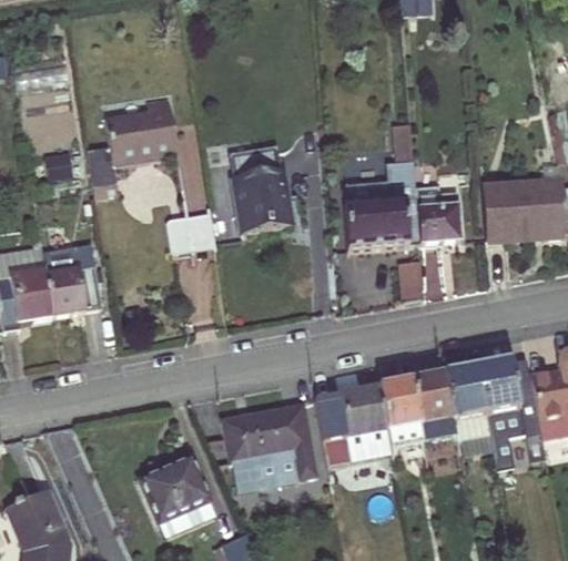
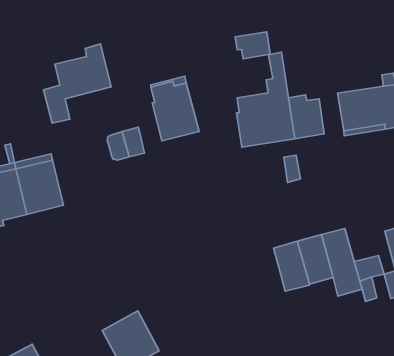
building: none -> [235,32,270,59]
building: [477,361,519,414] -> none
building: [314,387,392,466] -> none
building: [222,402,317,489] -> none

